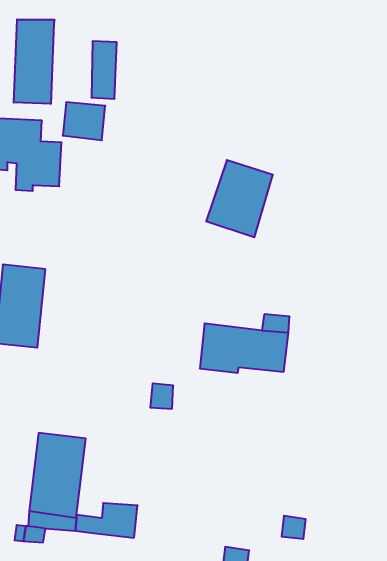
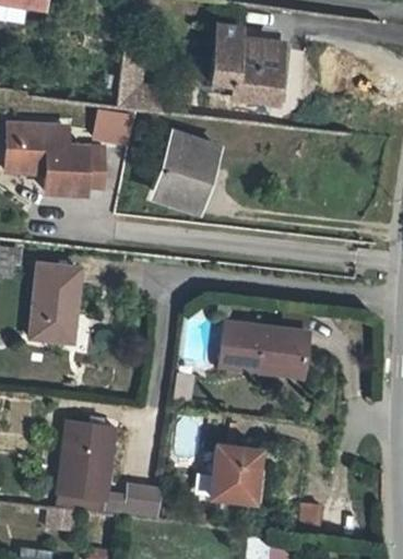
building: none -> [212,24,280,100]
building: [14,19,54,104] -> none
building: [206,160,273,237] -> [152,138,215,211]
building: none -> [215,449,263,506]

